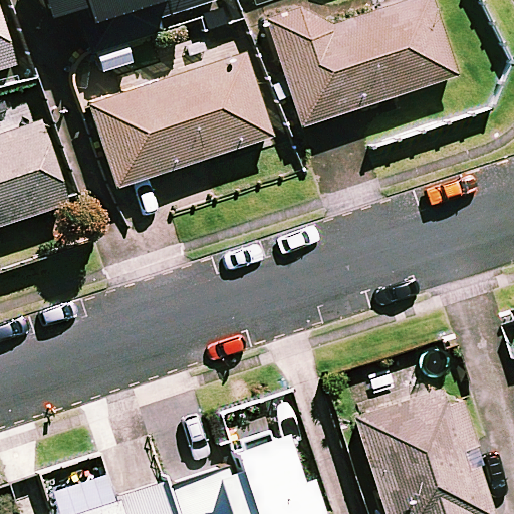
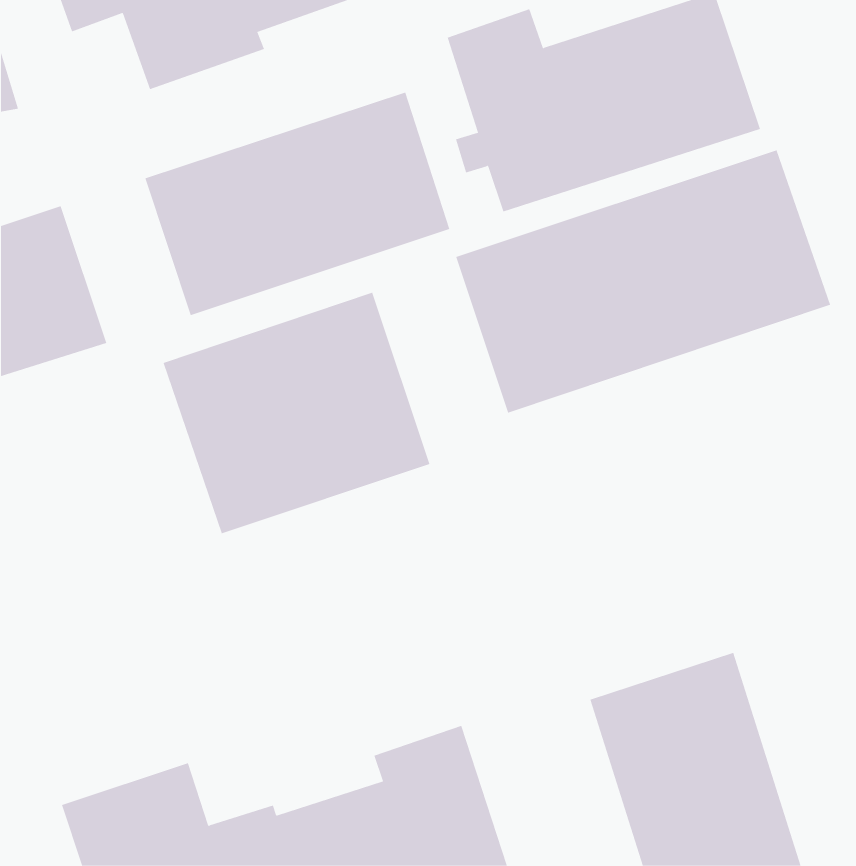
building: none -> [456,150,831,413]
building: none -> [163,292,430,534]

